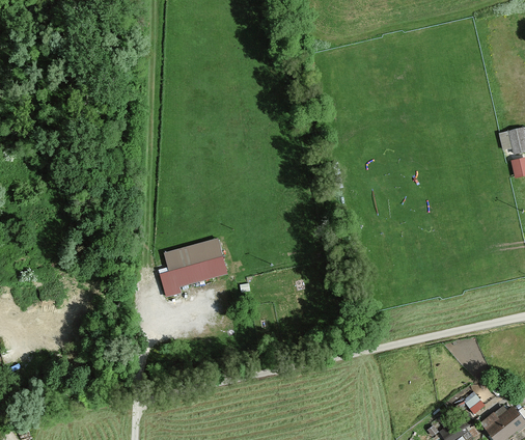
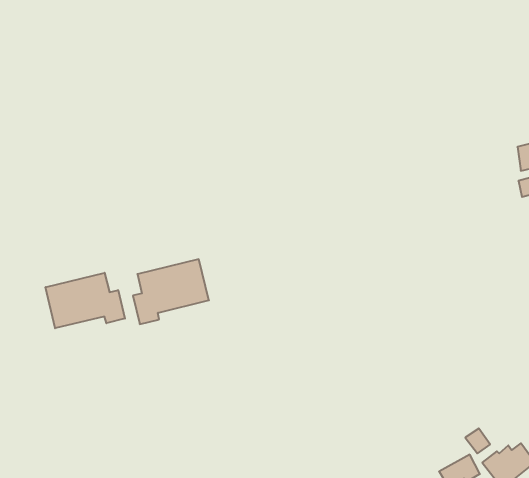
building: none -> [46,273,125,328]

